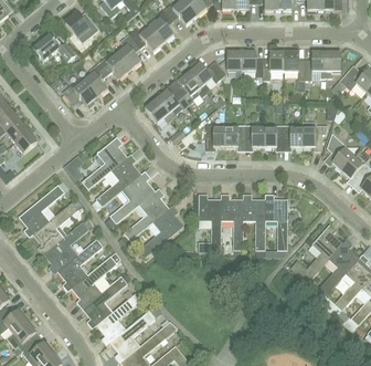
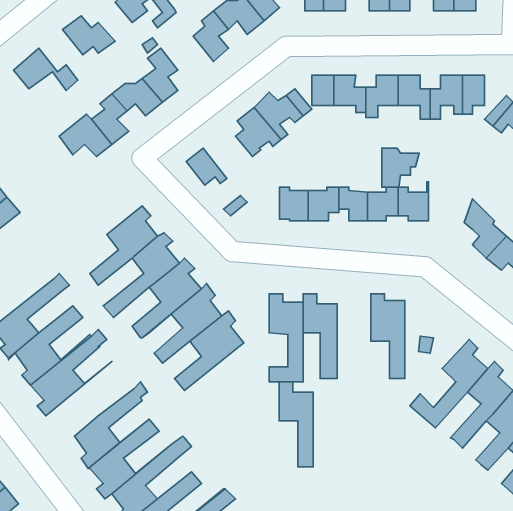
building: [128,25,162,51] -> none
building: [156,90,188,118] -> none
building: [303,121,327,146] -> [382,148,419,187]
building: [243,194,265,249] -> [279,382,313,467]
building: [53,238,103,290] -> none

